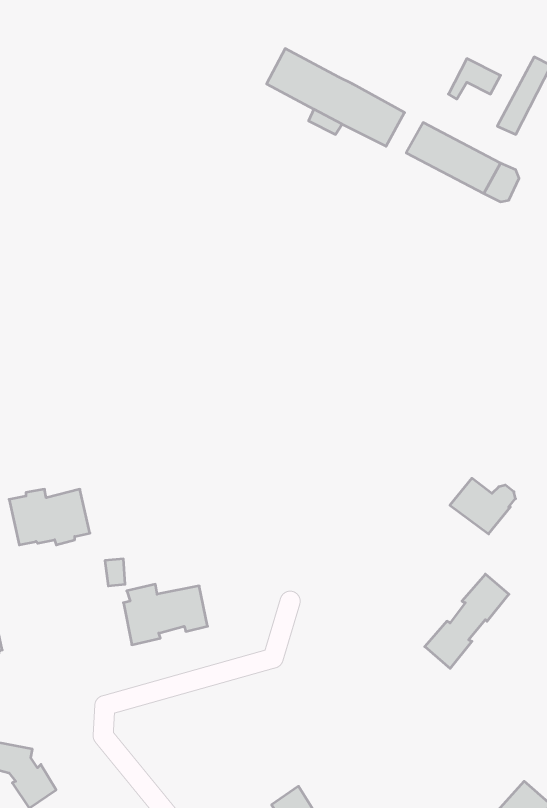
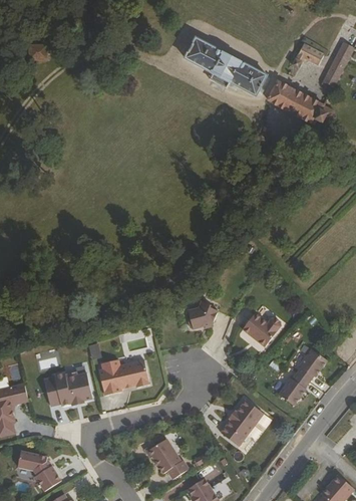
building: [450,478,516,534] -> [242,312,281,345]
building: none -> [186,299,217,327]
building: [9,489,90,545] -> [44,370,92,404]
building: none -> [220,399,264,446]
building: none -> [143,438,188,479]

